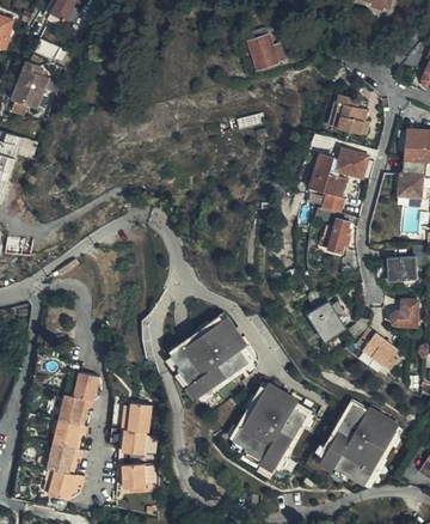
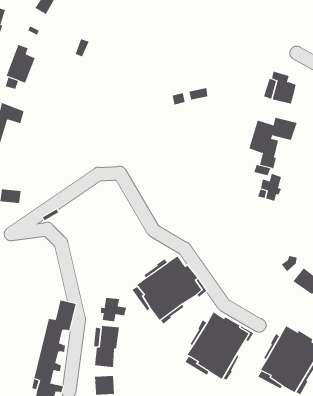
building: [247,26,285,71] -> none
building: [307,303,345,341] -> none
building: none -> [101,297,127,322]

